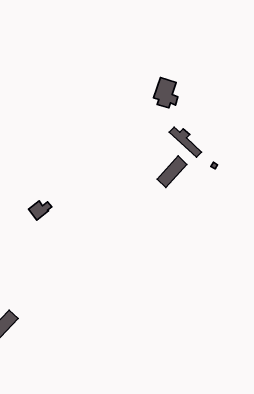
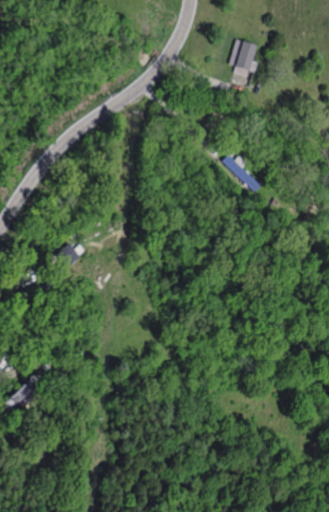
building: [154,78,178,108] -> [230,40,259,76]
building: [157,156,187,188] -> none

